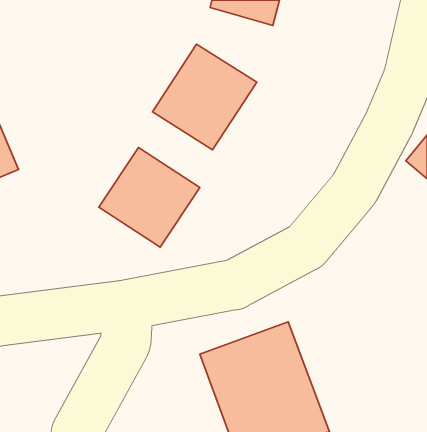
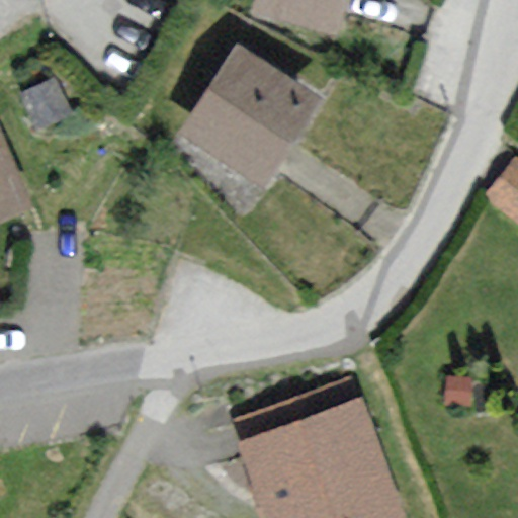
building: [99,148,200,247] -> none

